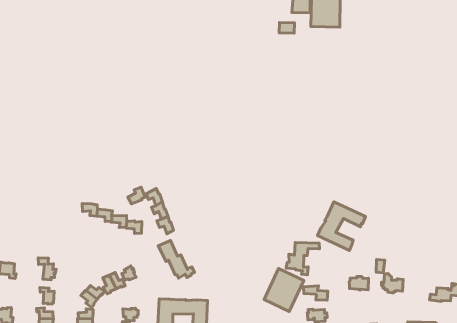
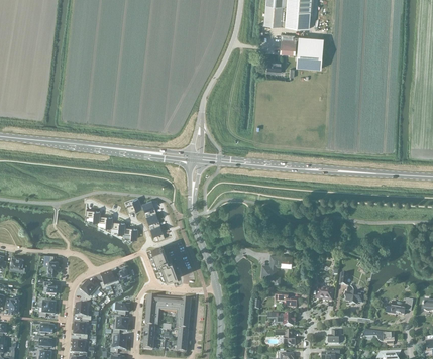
building: [318,202,366,250] -> none
building: [264,269,304,311] -> none

